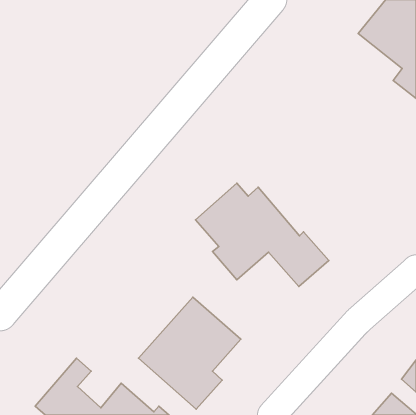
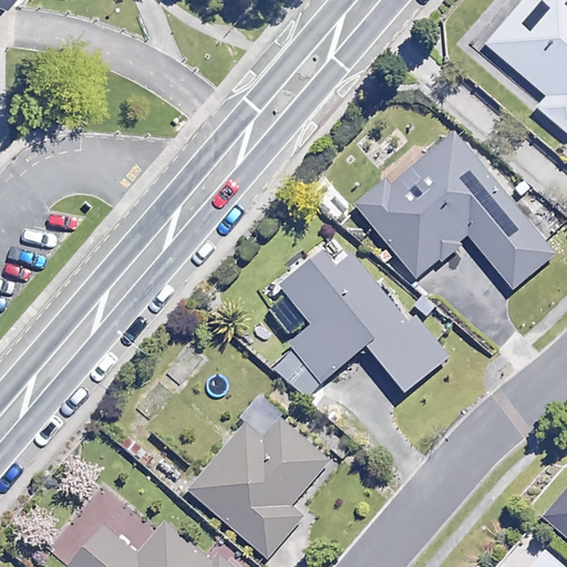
building: none -> [358,134,554,287]

